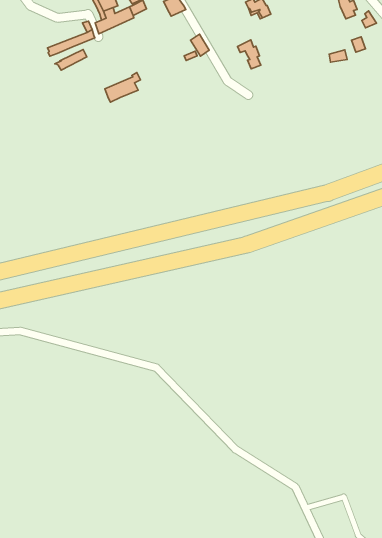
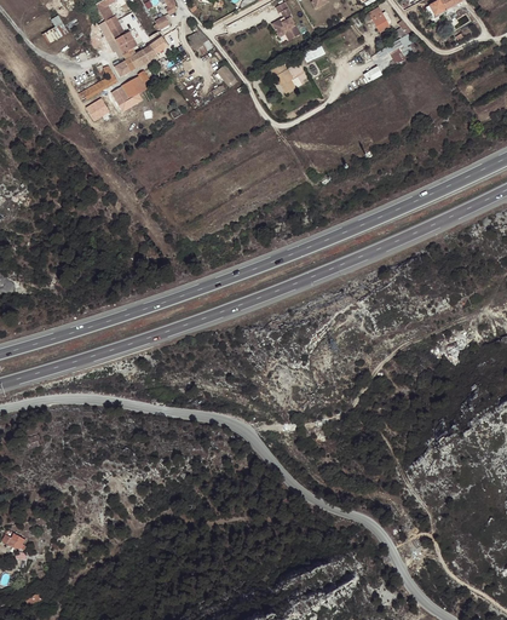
building: [105,73,141,102] -> [113,70,149,104]

